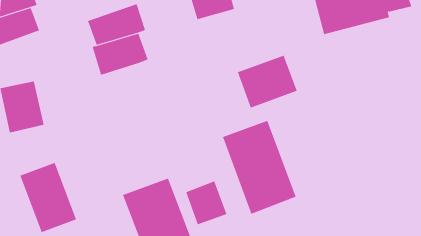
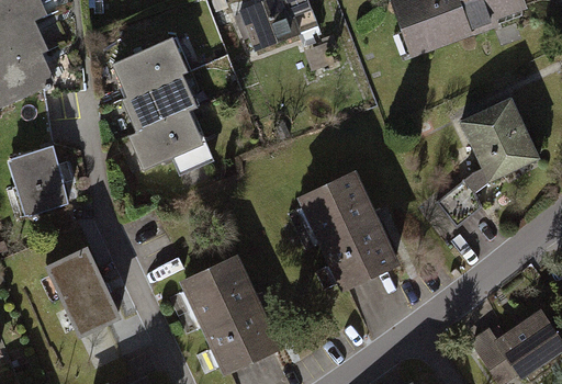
building: [237,55,298,109] -> none
building: none -> [128,111,202,169]
building: none -> [460,97,539,181]
building: [185,181,227,225] -> none

